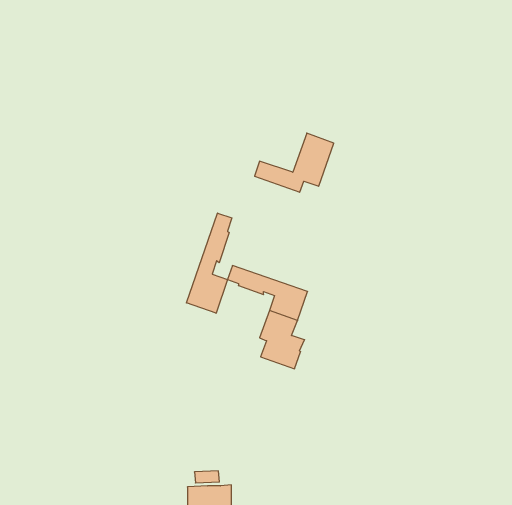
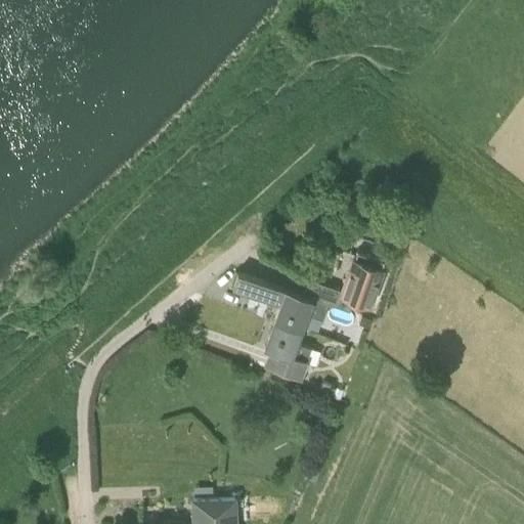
building: [255,133,334,192] -> [304,256,385,316]
building: [186,213,232,313] -> none

